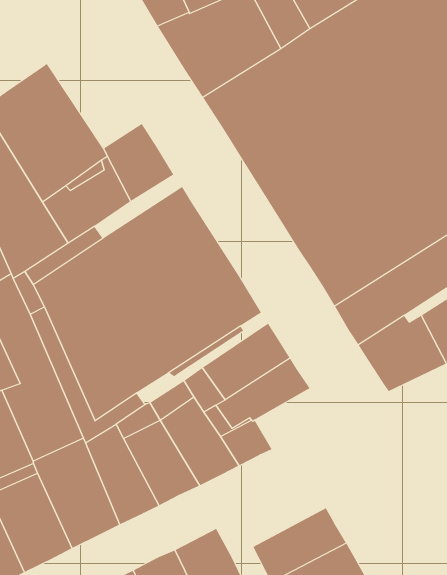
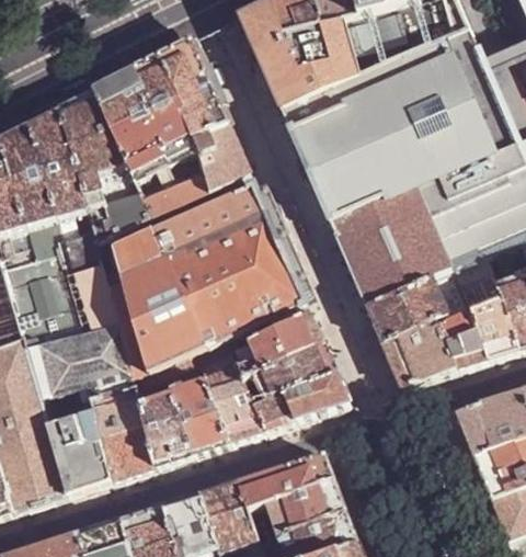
building: none -> [152,41,226,140]
building: none -> [284,373,346,420]
building: none -> [237,453,333,508]

